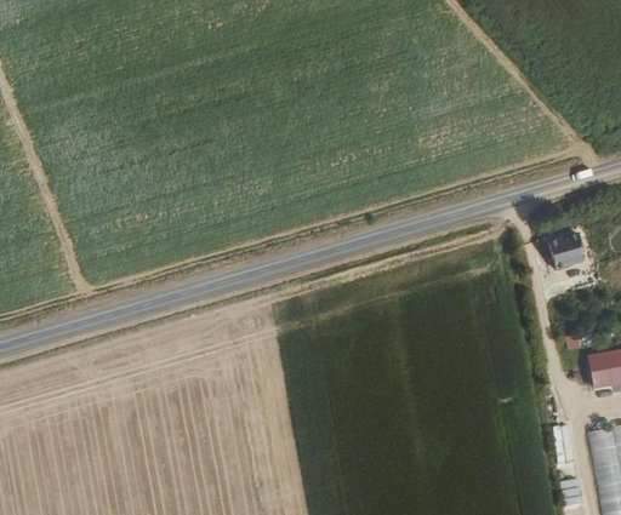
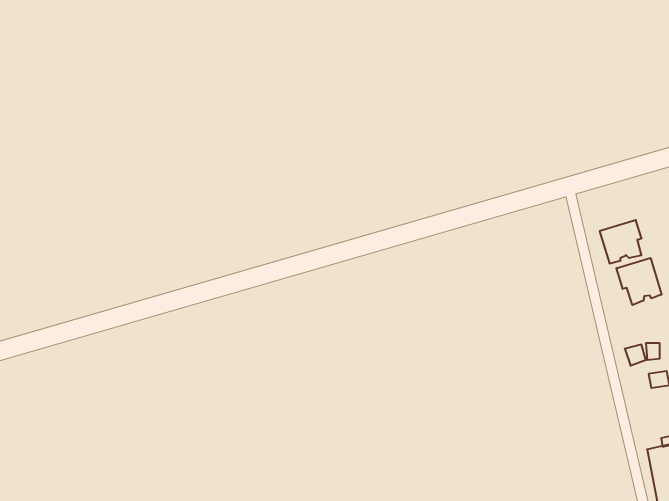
building: none -> [616,258,662,305]

